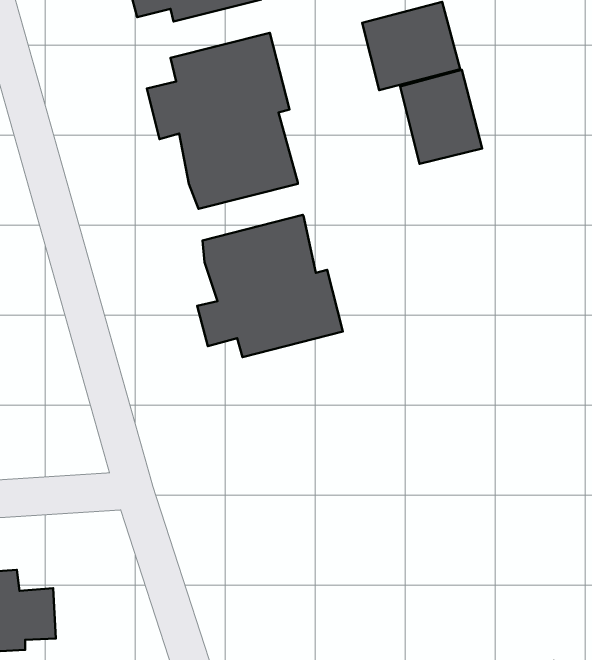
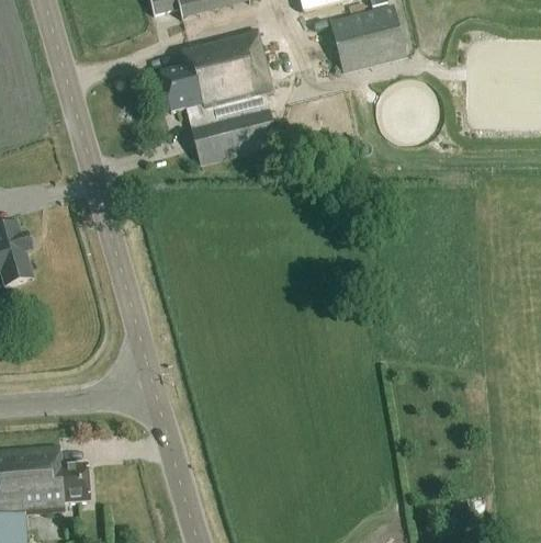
building: [400,70,482,164] -> none
building: [197,215,343,357] -> none

